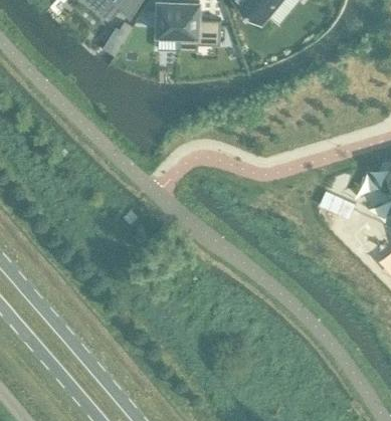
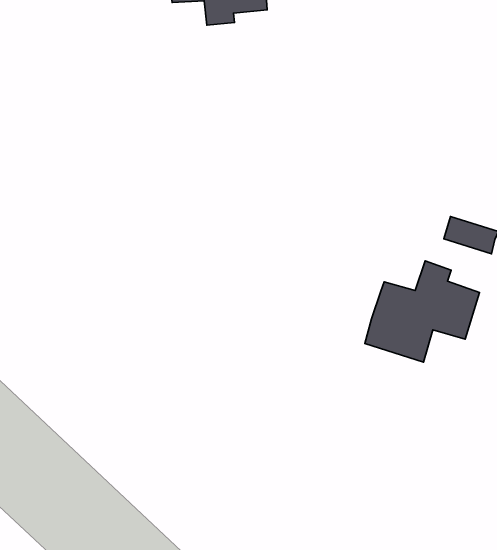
building: none -> [365,261,479,362]

